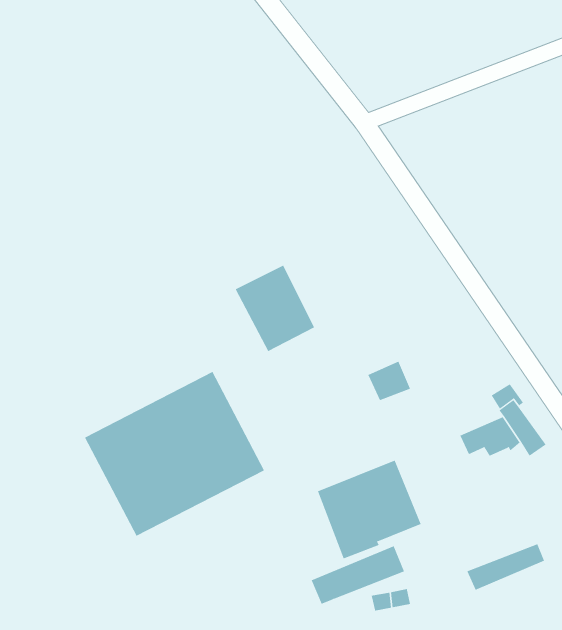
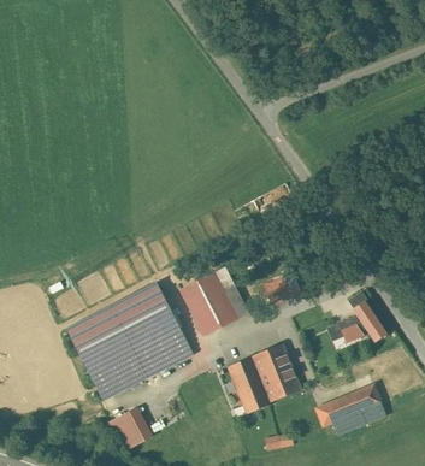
building: [235,265,315,352] -> [181,273,236,334]
building: [311,546,405,605] -> [315,384,380,425]
building: none -> [108,408,152,450]

